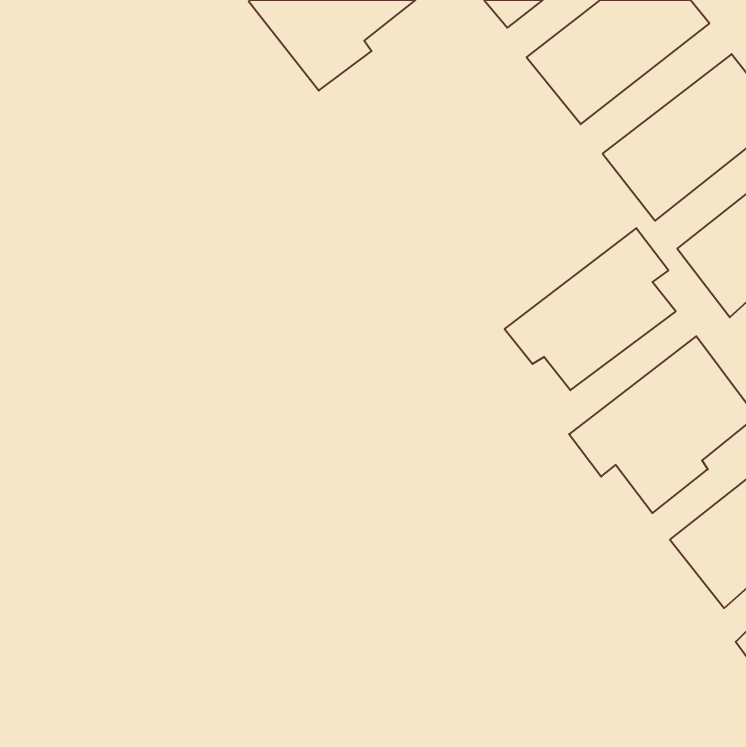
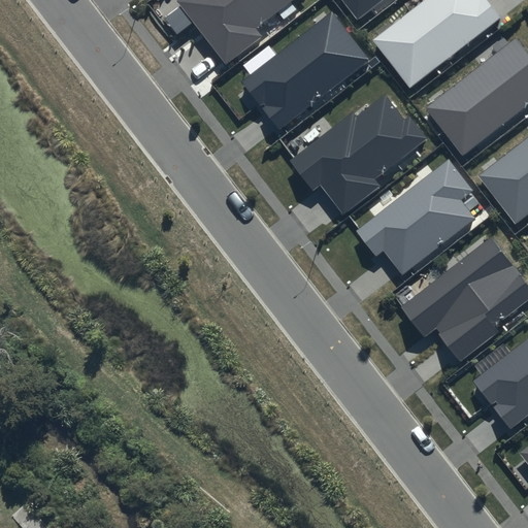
building: none -> [241,11,370,130]
building: none -> [291,96,426,216]

